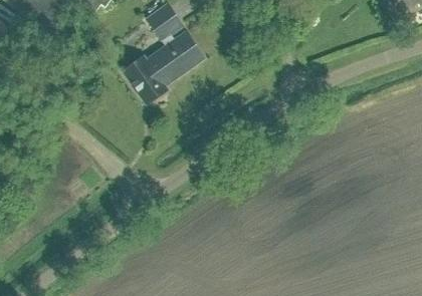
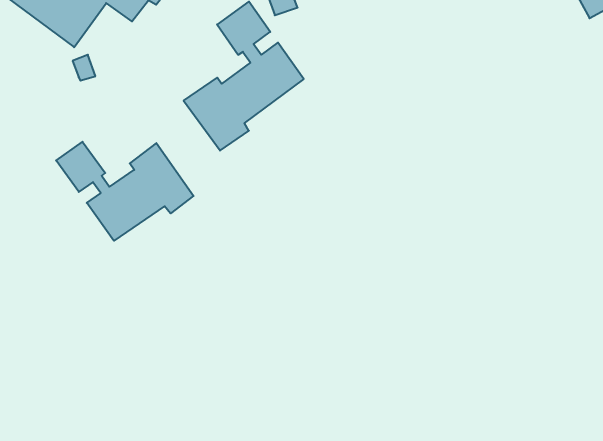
building: none -> [56,142,194,241]

